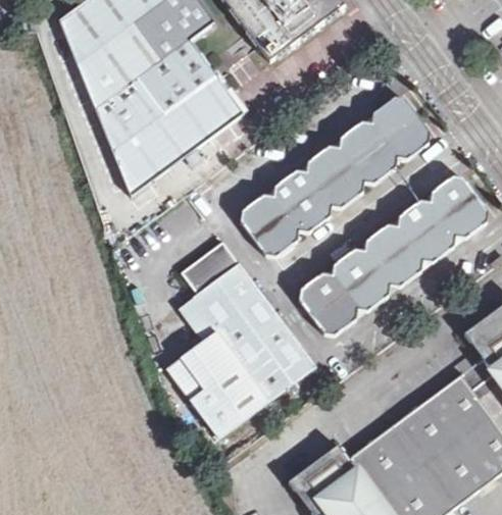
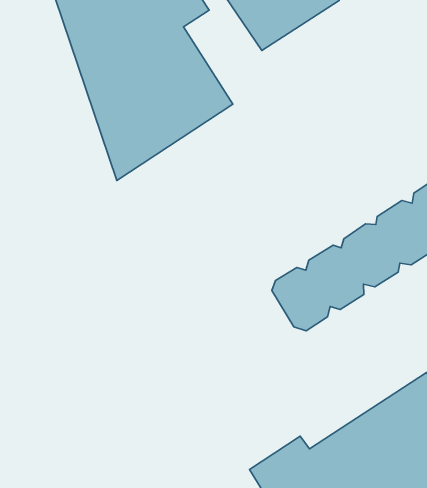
building: [239,97,431,256] -> none
building: [178,241,314,439] -> none

